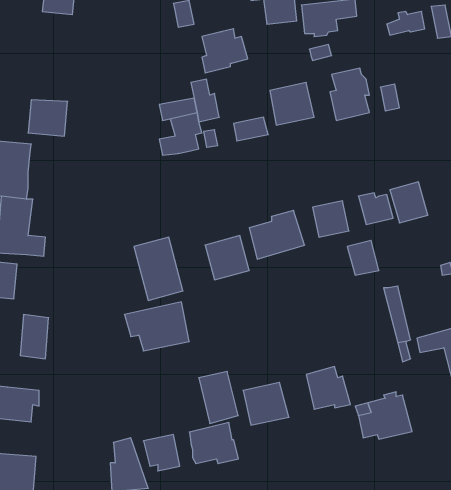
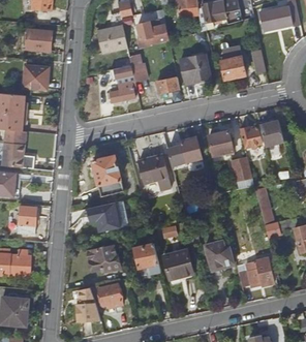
building: none -> [98,25,127,53]
building: none -> [26,30,52,52]
building: [189,423,238,464] -> [88,245,120,272]

